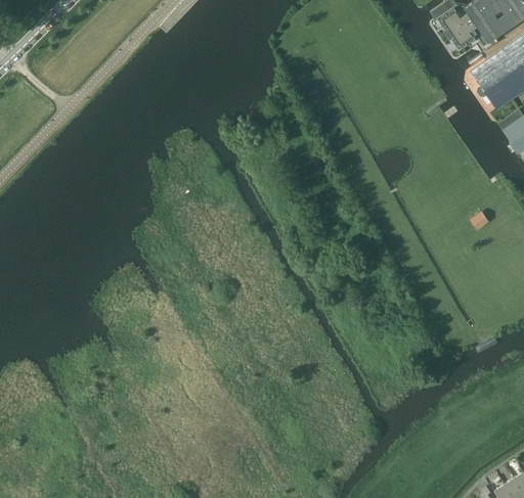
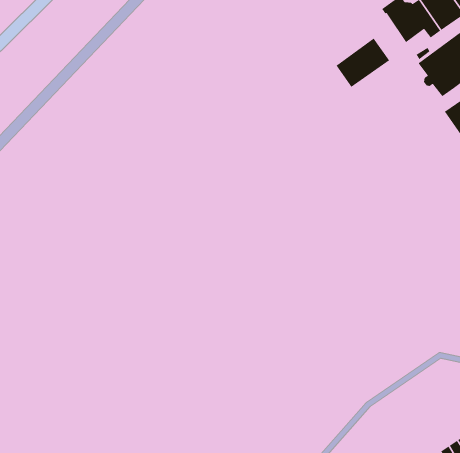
building: none -> [336,38,390,88]

